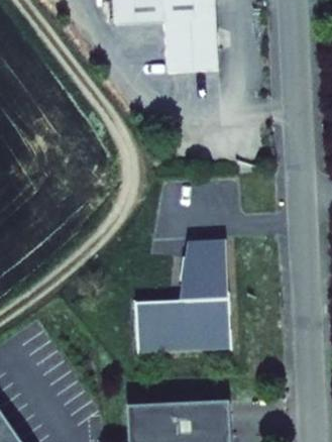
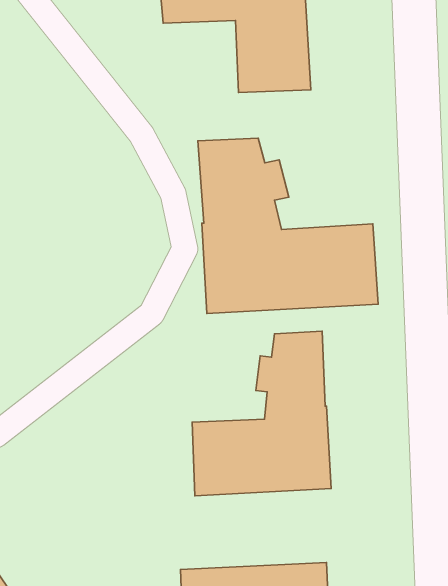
building: none -> [198,138,378,313]

